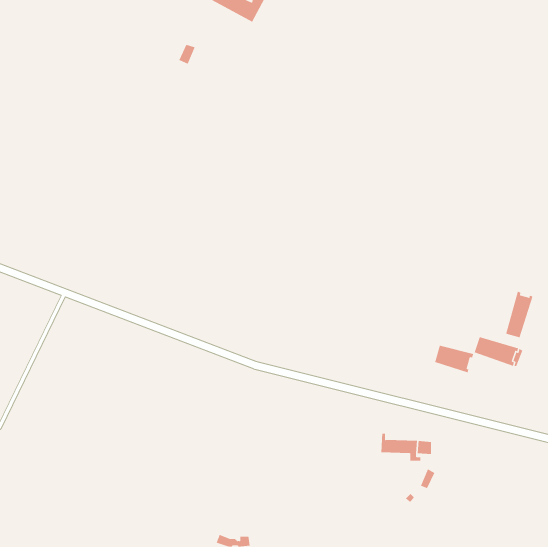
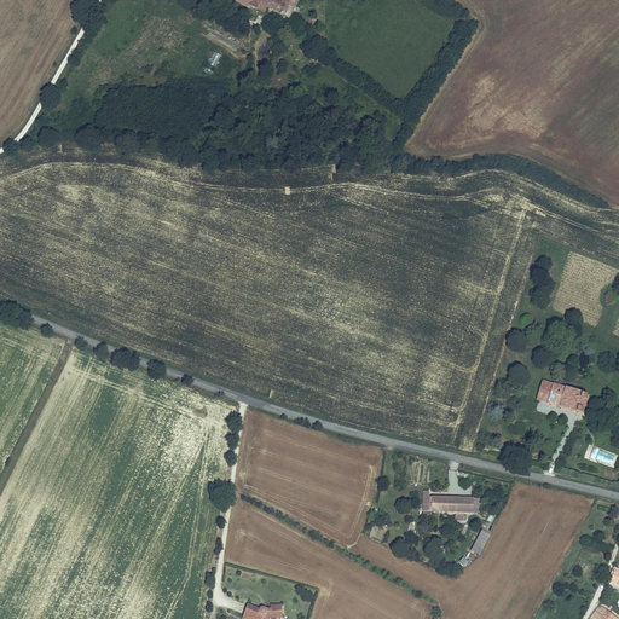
building: [506,291,533,338] -> none
building: [435,345,474,373] -> none

